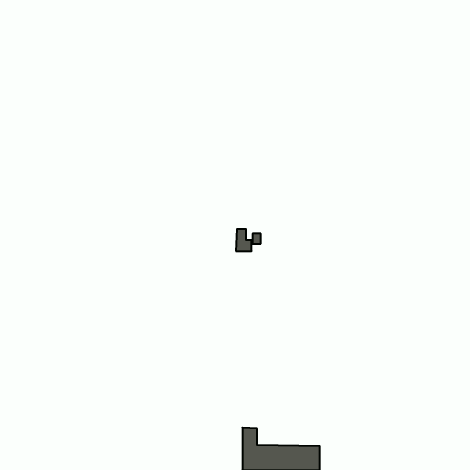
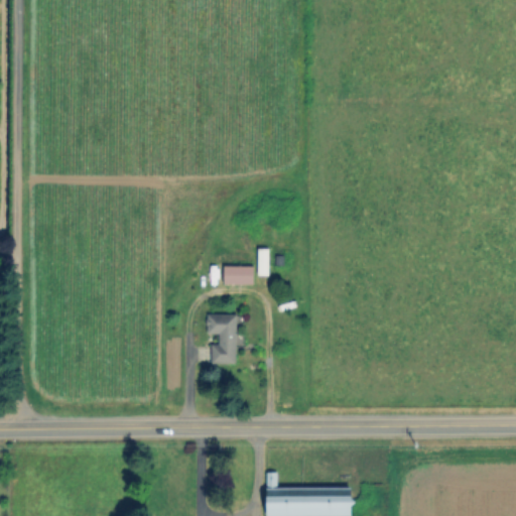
building: none -> [225,267,253,285]
building: none -> [208,316,236,364]

